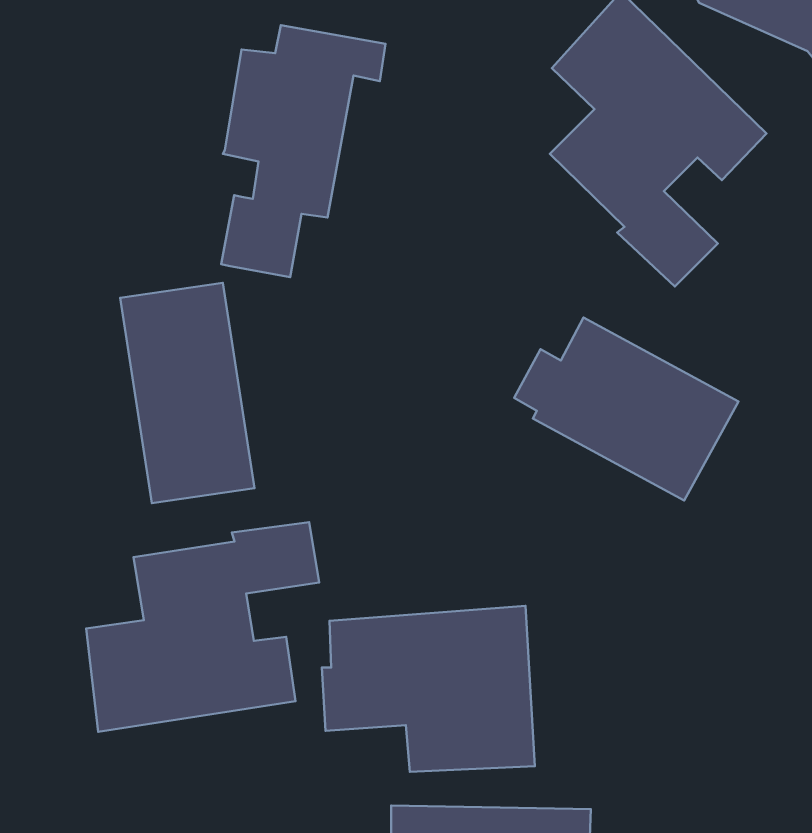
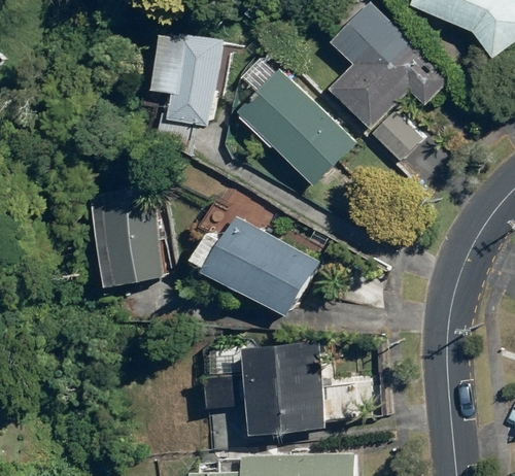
building: none -> [241,72,357,191]
building: [514,318,738,500] -> [194,214,317,315]
building: [86,522,319,732] -> none

